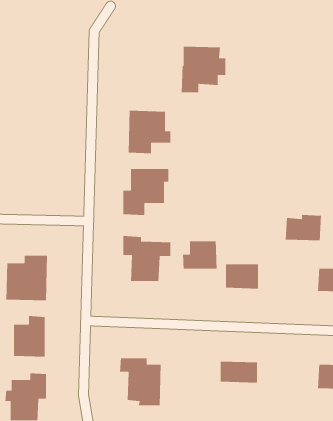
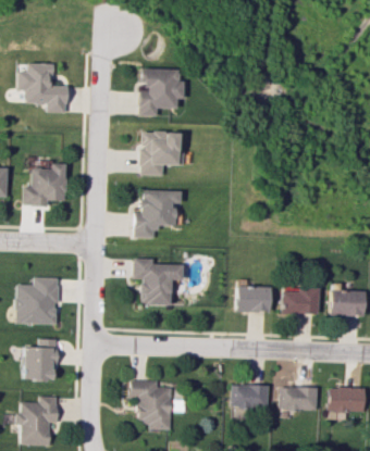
building: none -> [18,63,67,112]
building: [181,46,226,93] -> [138,68,184,116]
building: none -> [24,163,66,206]
building: [285,214,322,241] -> [282,287,319,314]
building: [182,240,218,269] -> none
building: none -> [281,386,319,411]

